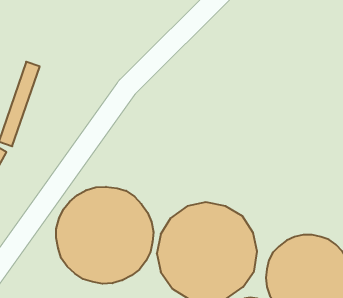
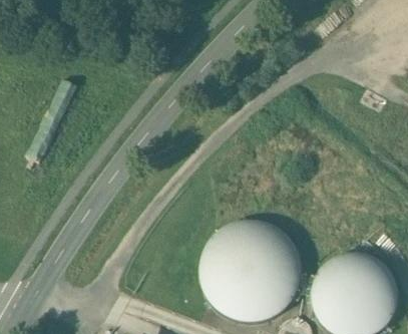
building: [56,187,153,284] -> none

